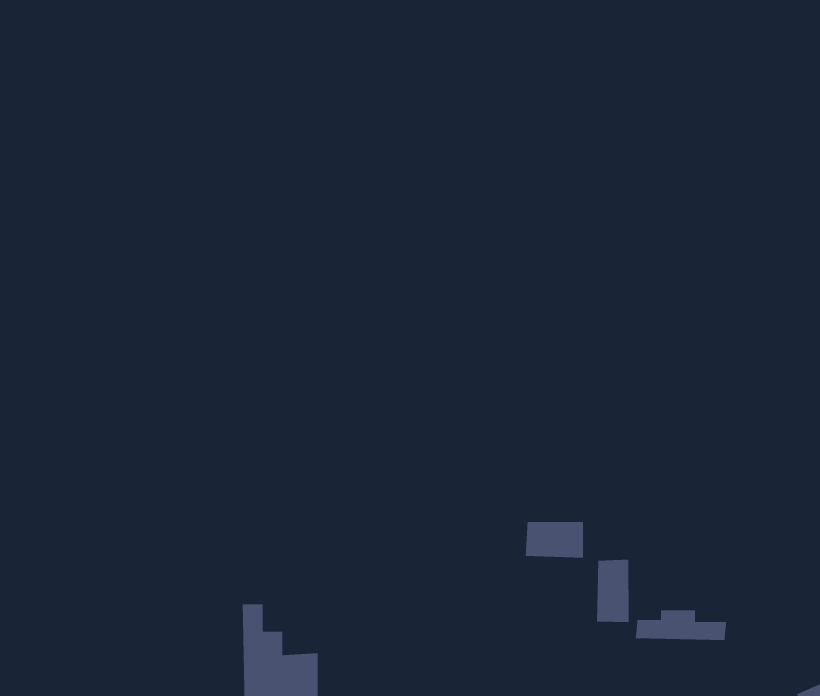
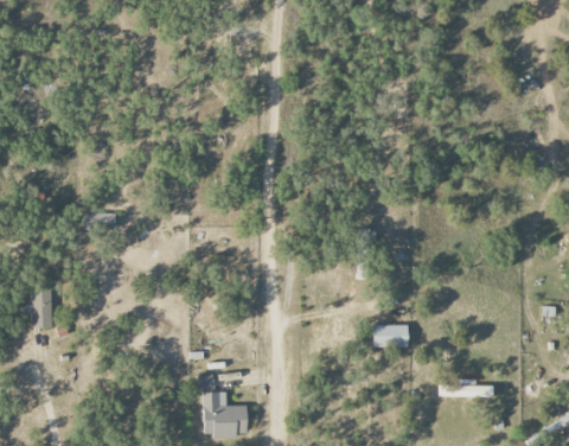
building: [596,559,629,623] -> none

